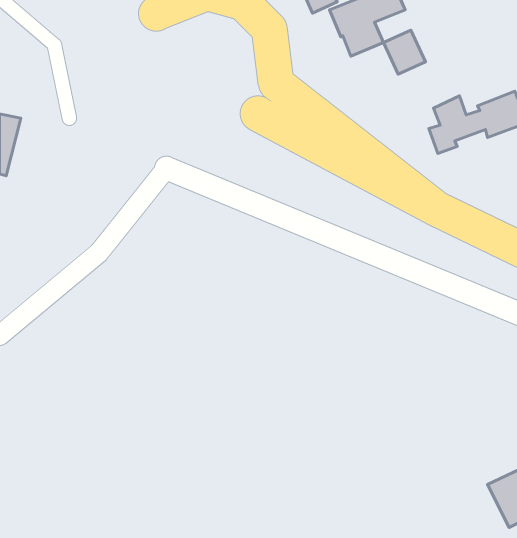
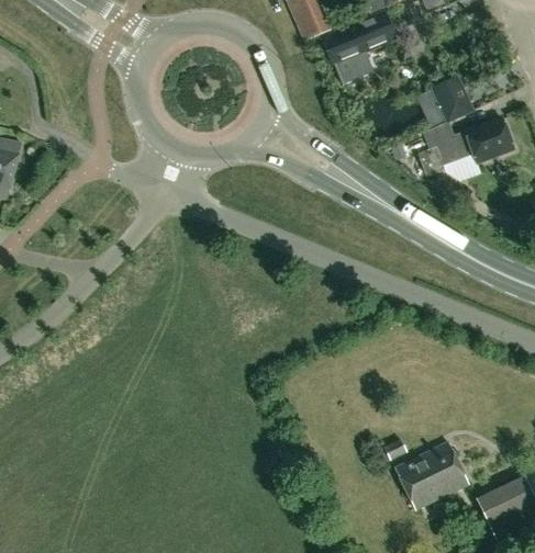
building: [384,30,425,74] -> [432,78,472,121]
building: none -> [394,440,469,509]

